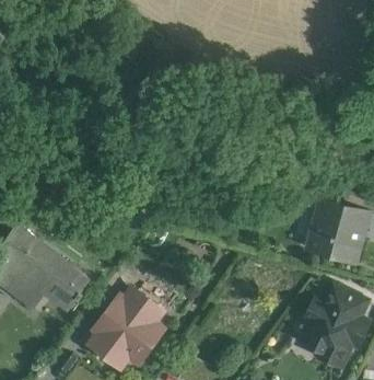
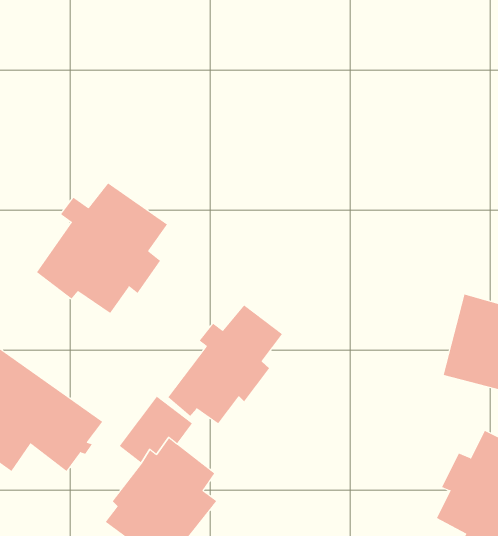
building: none -> [36,182,168,314]
building: none -> [167,304,283,424]

